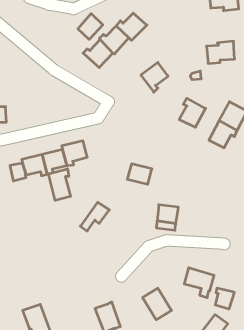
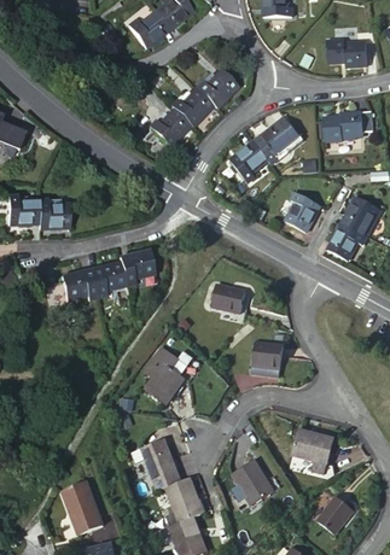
building: [78,14,103,39] -> none
building: none -> [255,116,304,164]
building: none -> [39,199,70,228]
building: [48,169,71,200] -> none
building: none -> [146,363,184,403]
building: none -> [146,450,182,491]
building: [215,288,234,309] -> none

